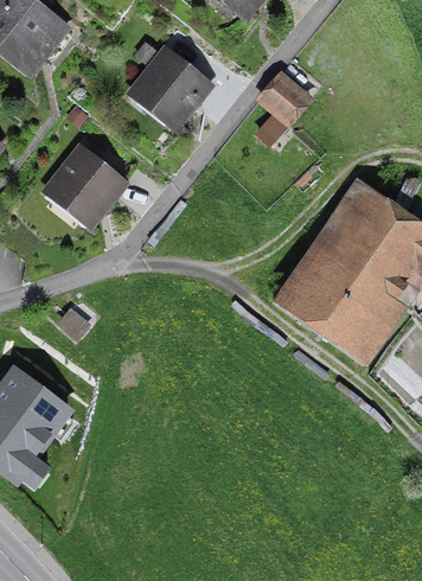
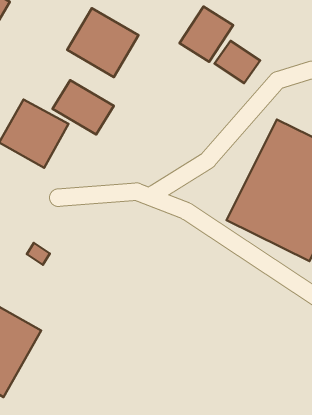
building: none -> [215,41,260,83]
building: none -> [52,80,114,134]

